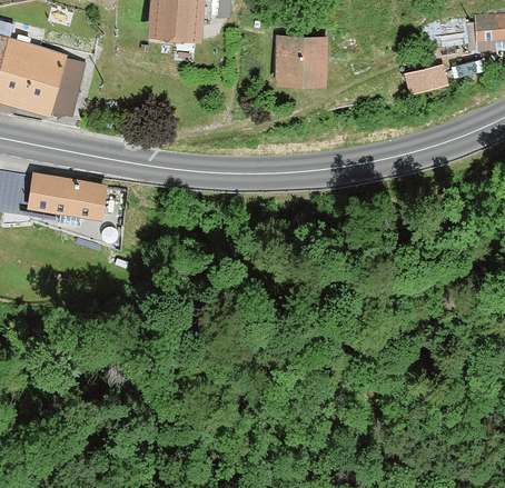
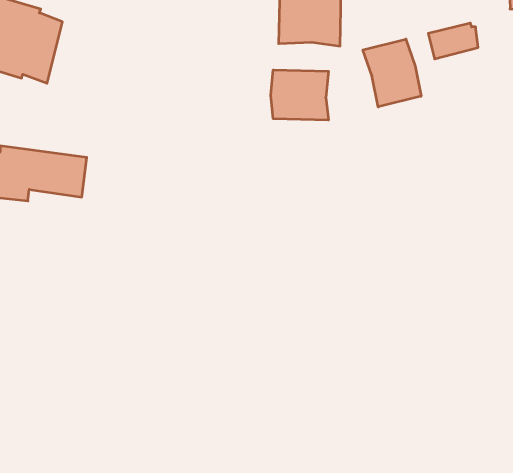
building: none -> [363,39,421,107]
building: none -> [271,70,328,120]

